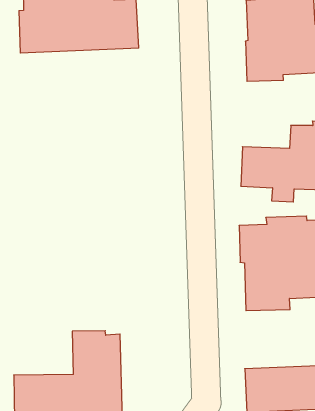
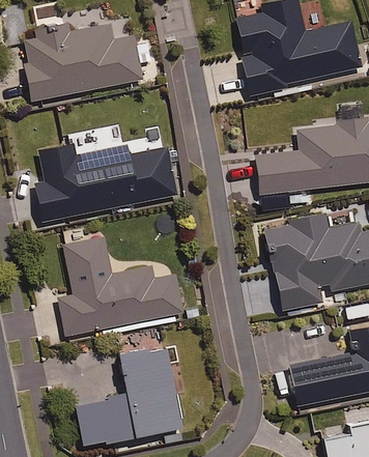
building: none -> [35,143,175,221]
building: none -> [59,237,183,335]

